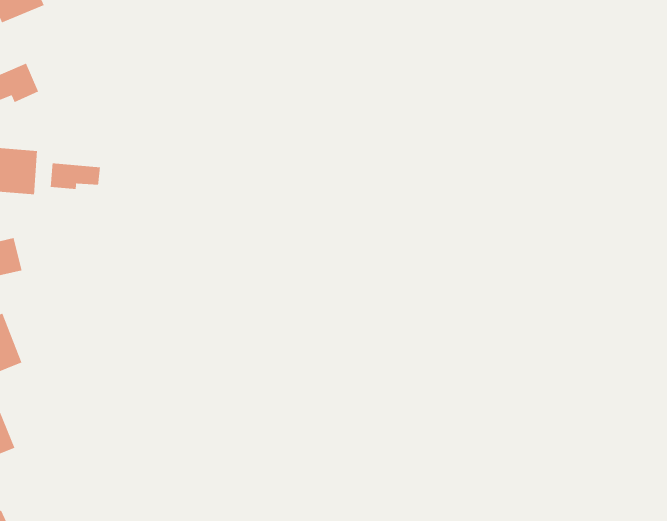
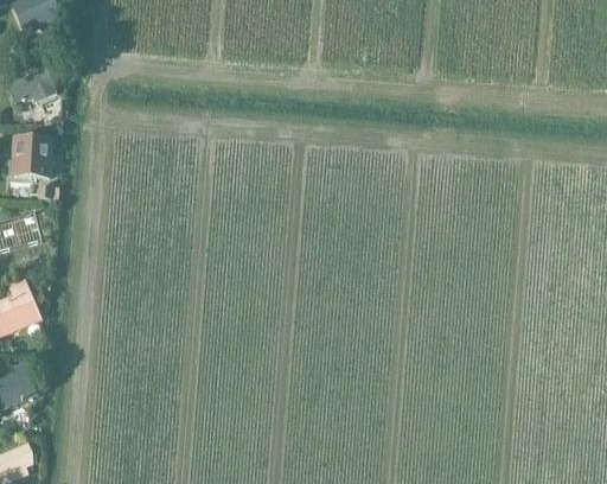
building: [50,163,101,190] -> none

